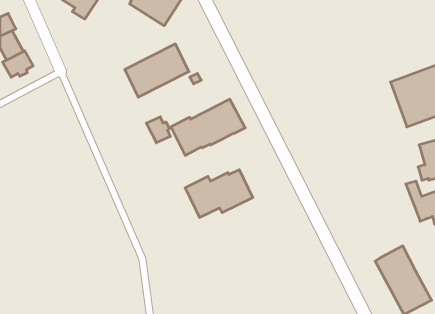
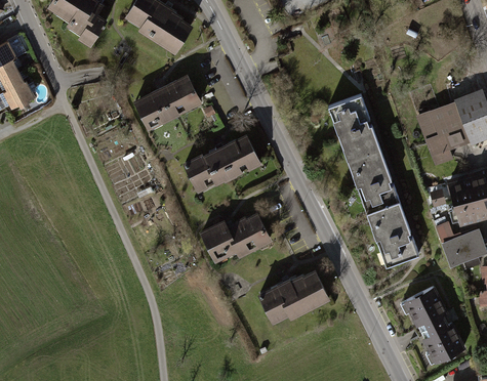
building: none -> [326,98,417,267]
building: [146,117,170,143] -> none
building: none -> [256,266,330,322]

